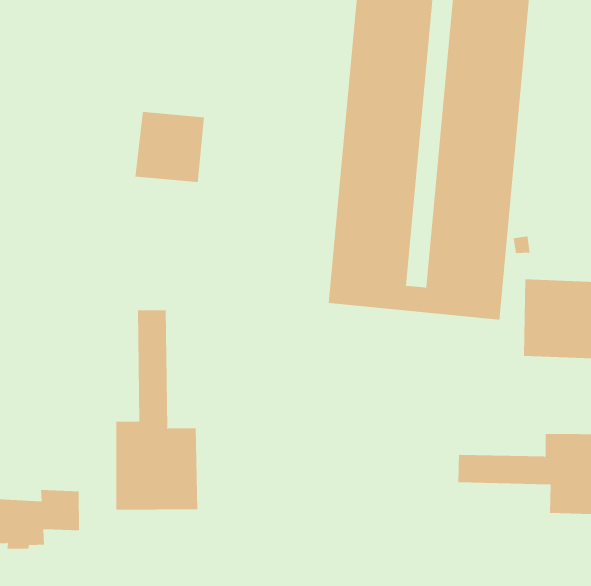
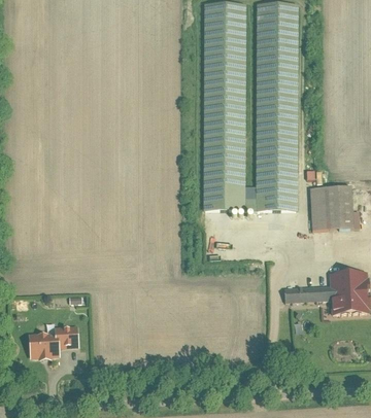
building: [135,111,204,183] -> none
building: [116,310,198,510] -> none

